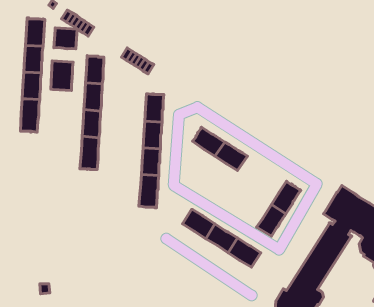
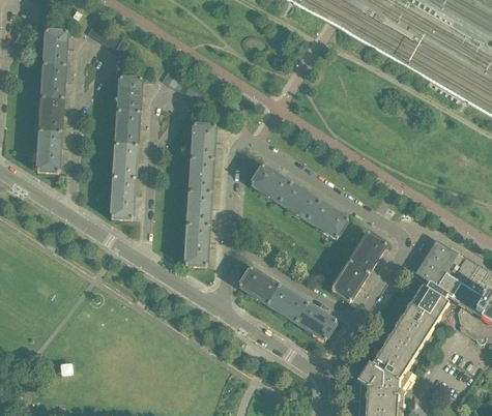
building: [54,28,77,49] -> none
building: [51,61,73,91] -> none
building: none -> [306,201,347,237]

